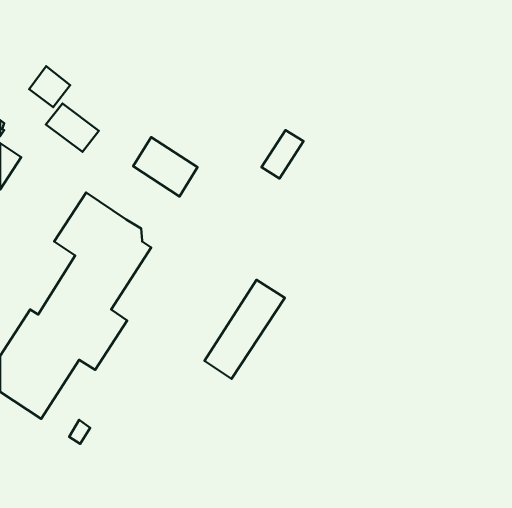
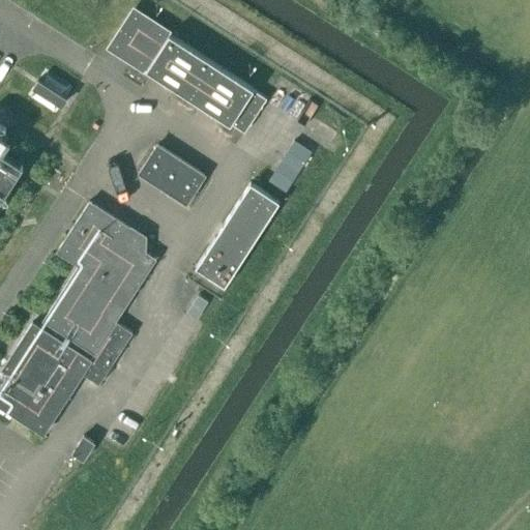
building: none -> [106,9,267,135]
building: [46,103,99,152] -> none
building: [205,280,285,379] -> [197,185,279,288]

